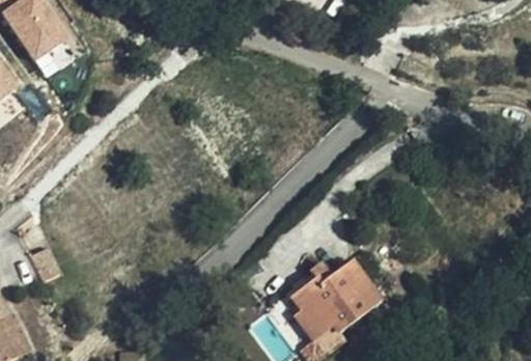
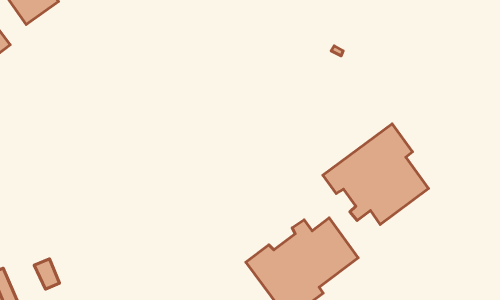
building: none -> [323,124,429,224]

